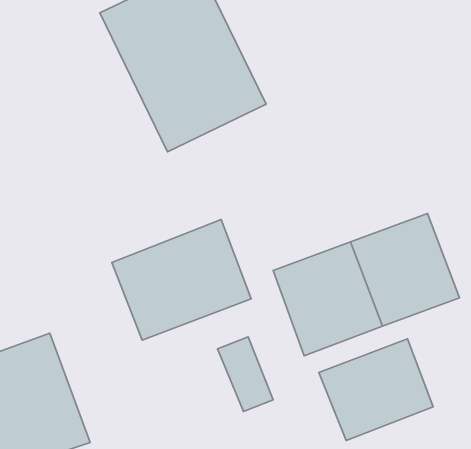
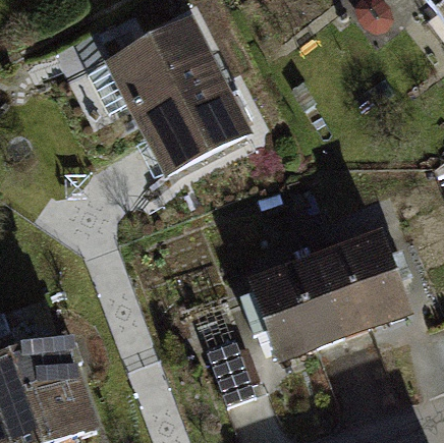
building: [112,220,251,340] -> none
building: [319,339,433,441] -> none

